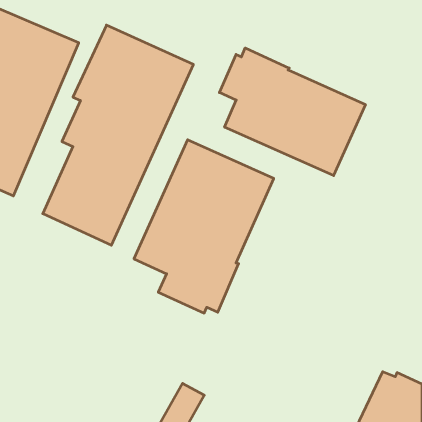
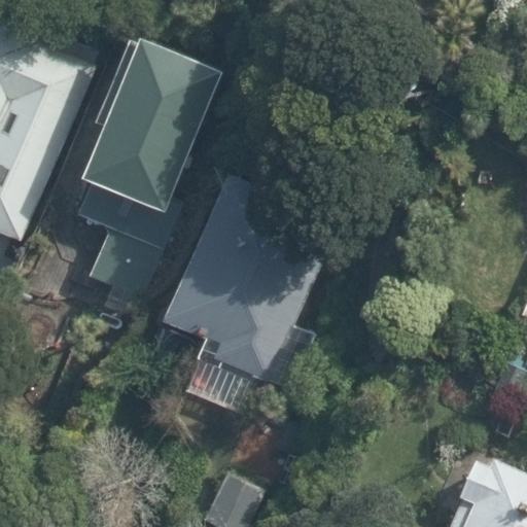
building: [219,48,365,176] -> none

